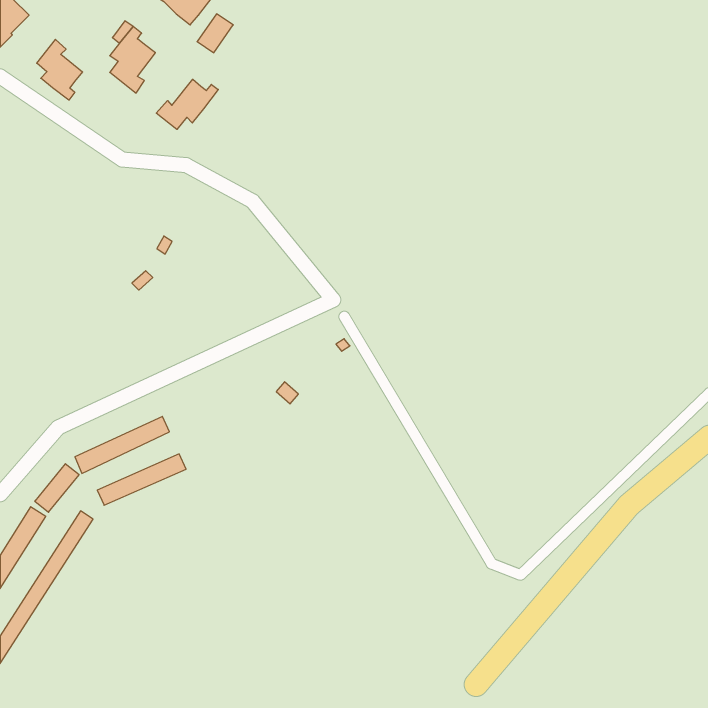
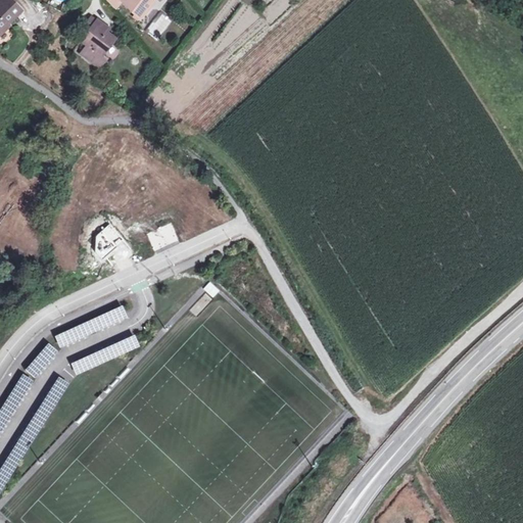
building: [37,39,83,100] -> none
building: [156,79,218,129] -> none

